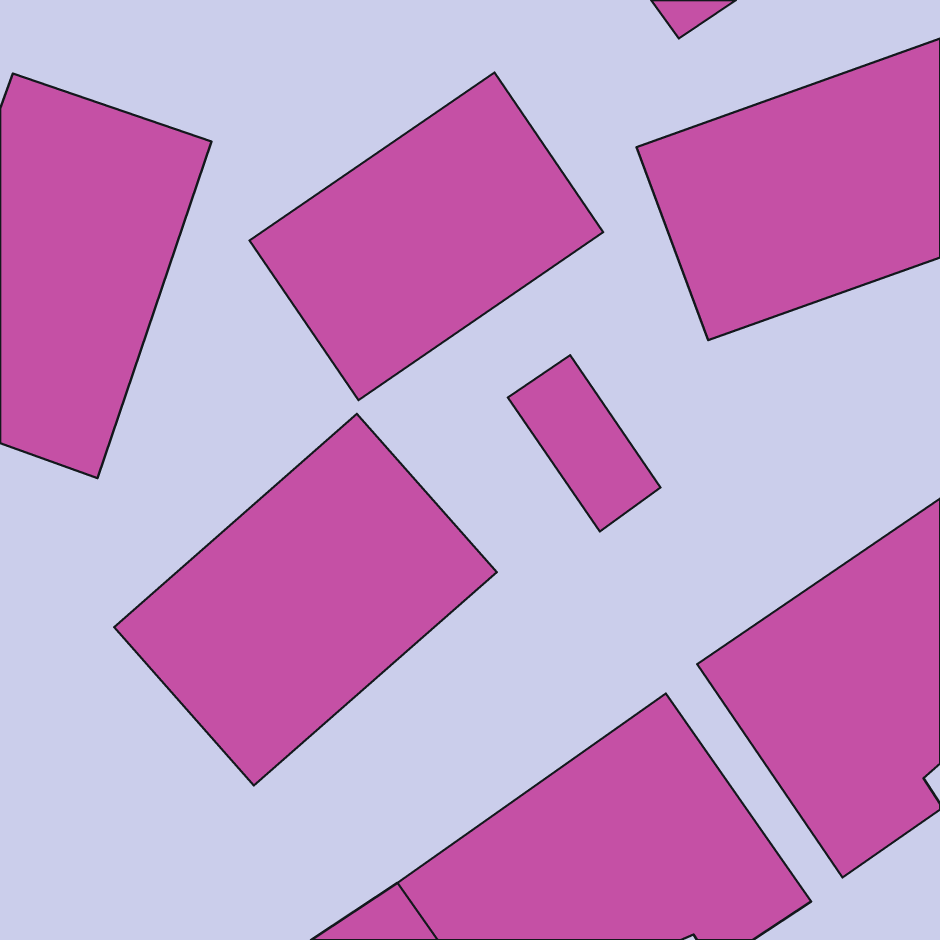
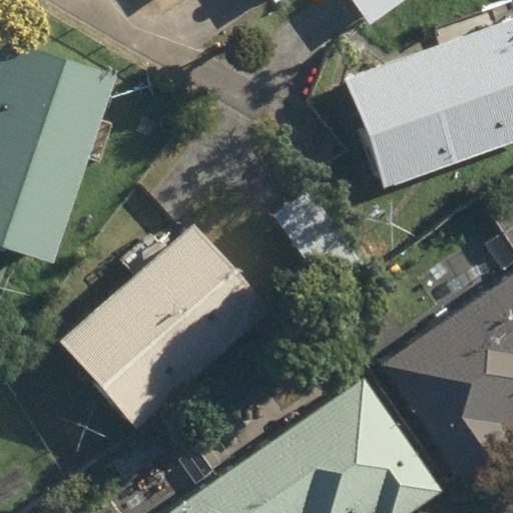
building: [250,73,603,400] -> none

